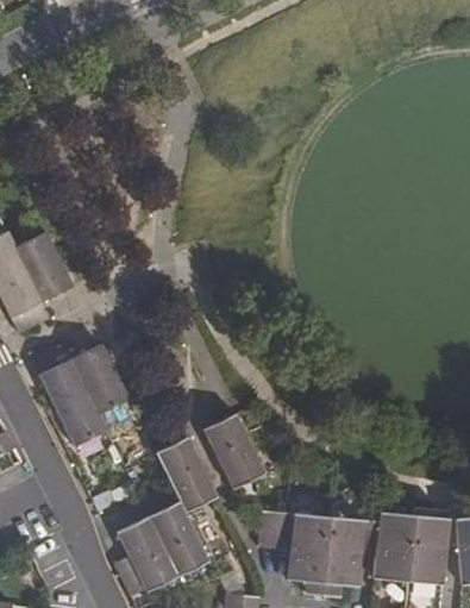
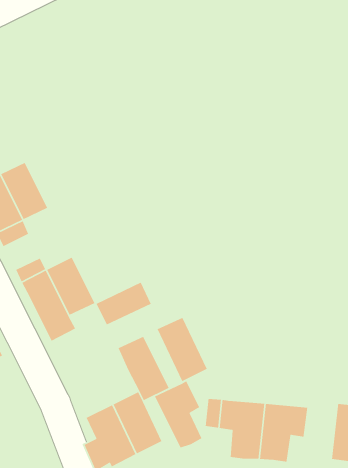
building: none -> [95,282,152,325]
building: none -> [154,380,203,449]
building: [374,513,415,583] -> none

